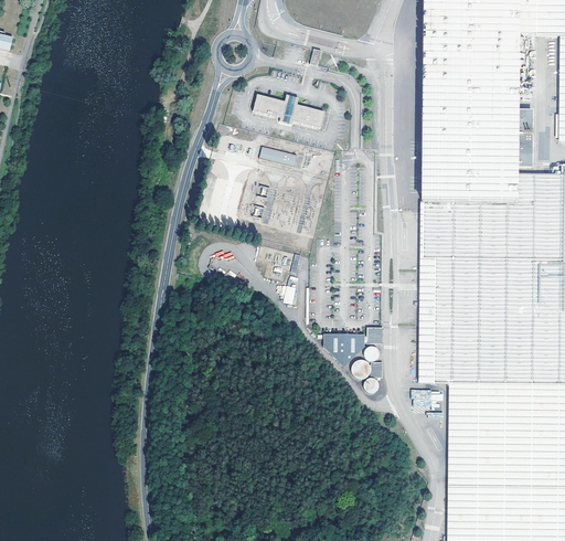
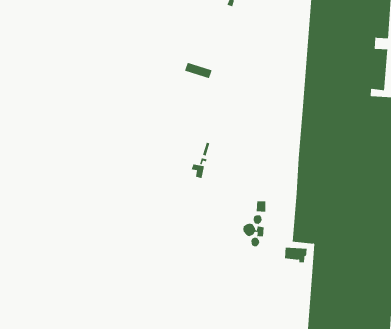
building: [255,95,324,128] -> none
building: [324,335,365,369] -> none

